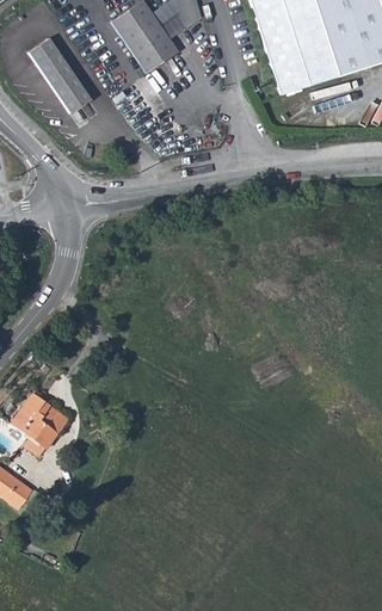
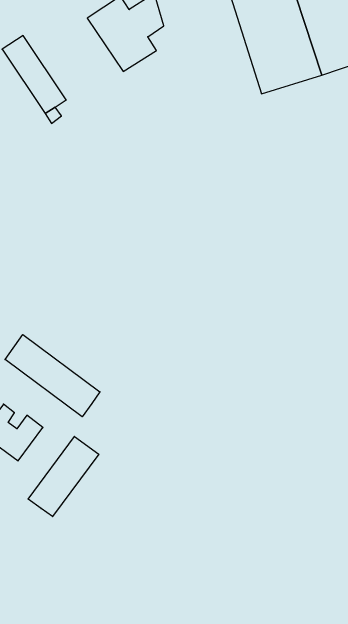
building: none -> [5,335,100,417]
building: none -> [28,436,99,517]

